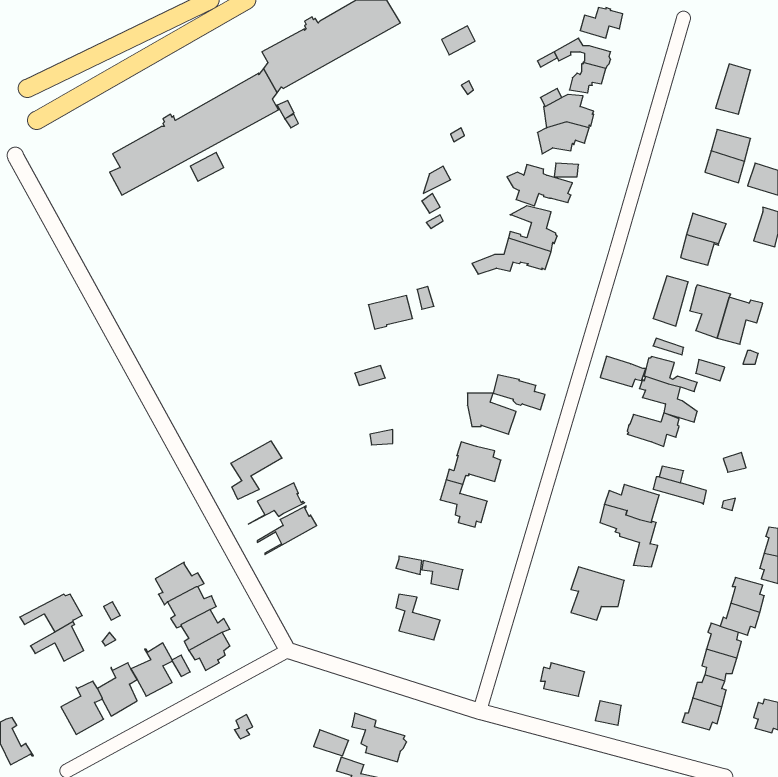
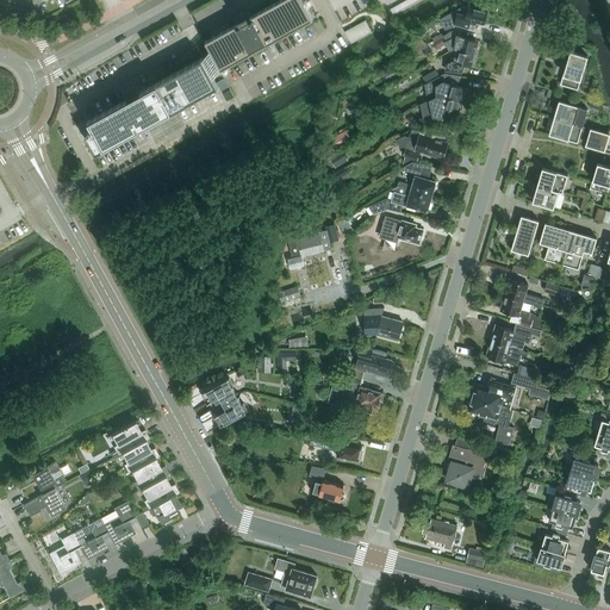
building: [600,356,646,387] -> [486,341,522,365]
building: [493,375,545,410] -> [382,217,423,244]
building: [231,441,282,499] -> none
building: none -> [108,421,150,456]

